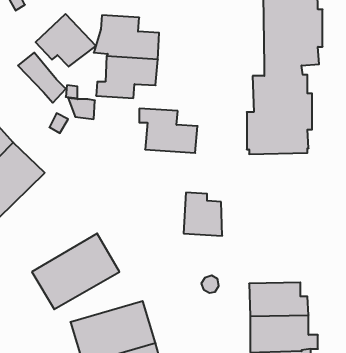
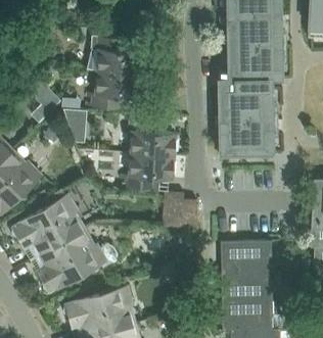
building: [36,14,96,67] -> none
building: none -> [121,154,174,191]
building: none -> [11,195,88,261]
building: none -> [221,241,272,272]

